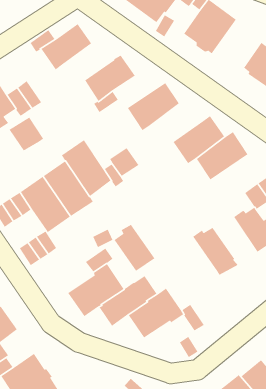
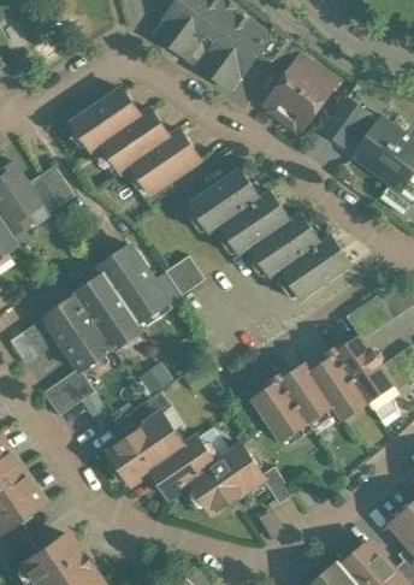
building: none -> [321,96,369,149]
building: none -> [102,110,171,173]
building: none -> [220,190,291,256]
building: [9,117,44,152] -> none
building: none -> [310,350,368,421]
building: [113,224,155,272] -> [253,377,309,442]

